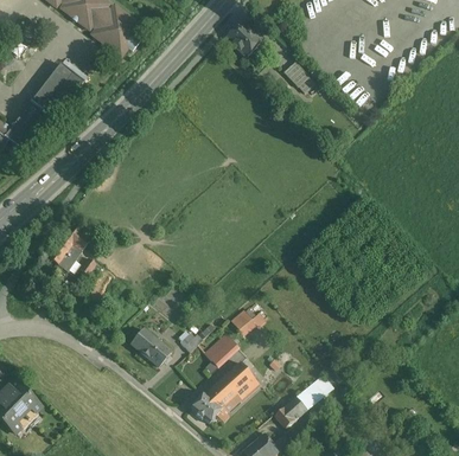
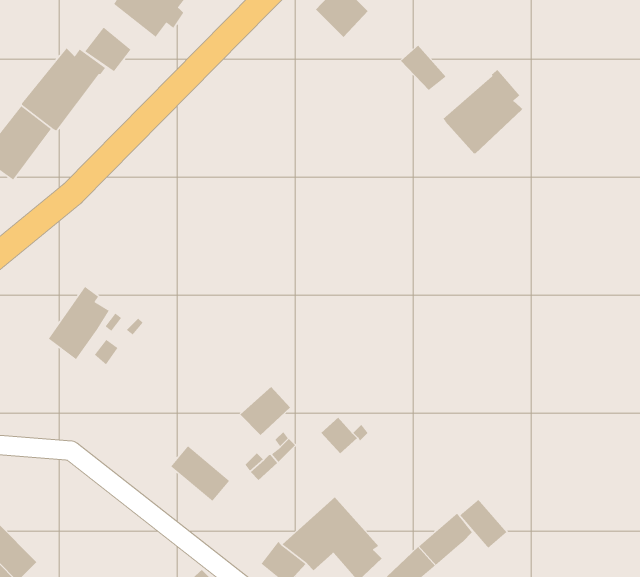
building: none -> [84,26,132,72]
building: none -> [443,69,524,154]
building: [204,333,238,366] -> [239,386,291,436]
building: none -> [459,499,507,549]

